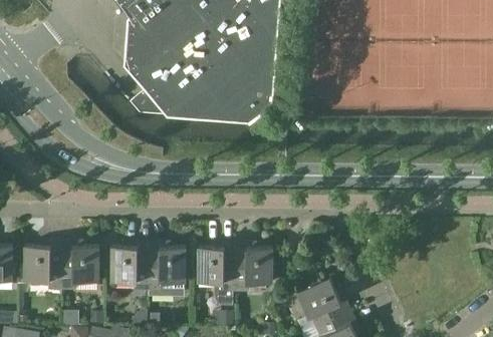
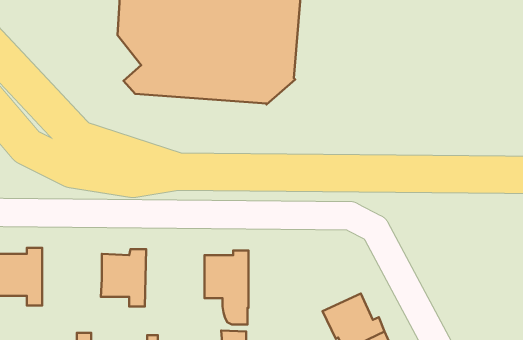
building: [60,241,97,289] -> none
building: [147,242,185,297] -> none
building: [234,243,271,291] -> none

